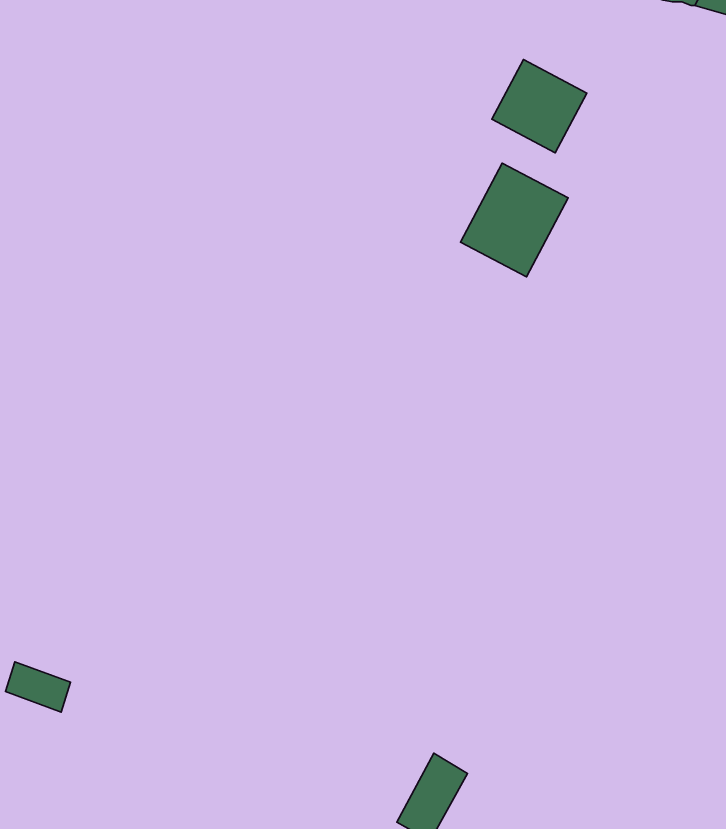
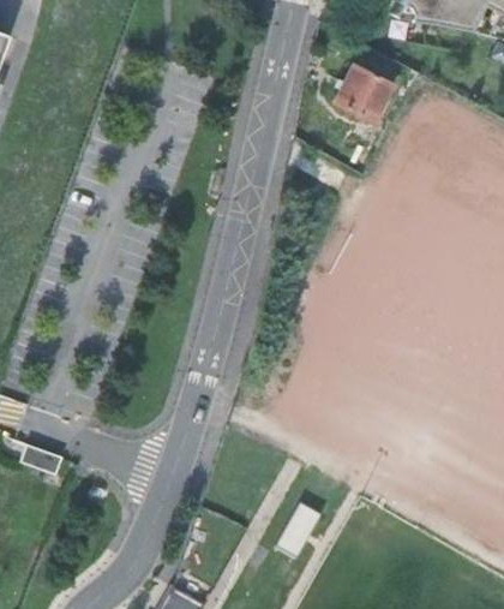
building: [460,163,568,277] -> none

